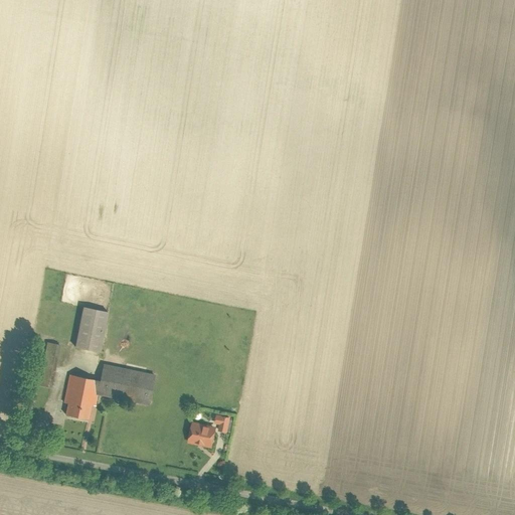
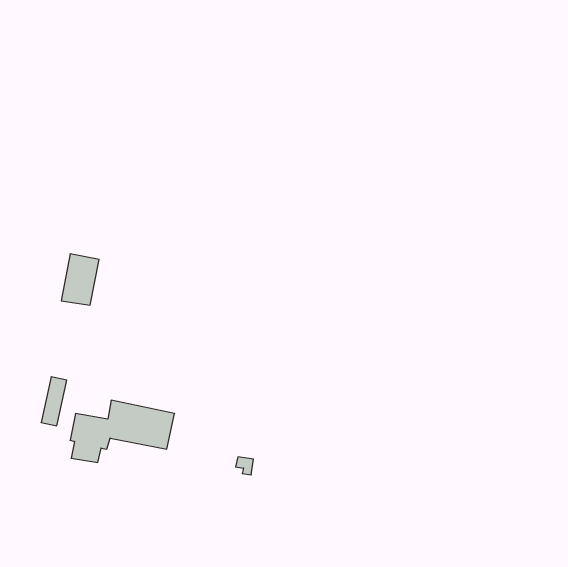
building: [73,305,108,351] -> [61,254,99,305]
building: [188,421,215,447] -> none

